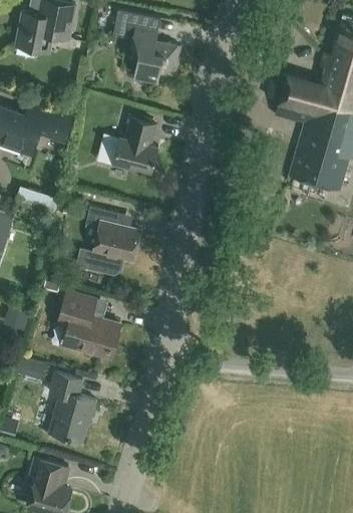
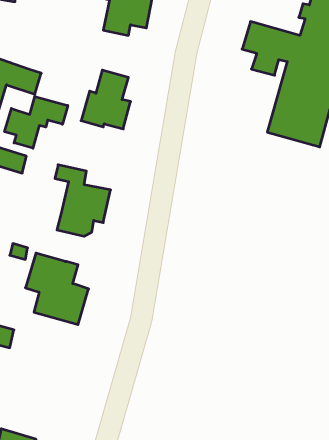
building: none -> [5,96,68,148]
building: [46,373,94,443] -> none

